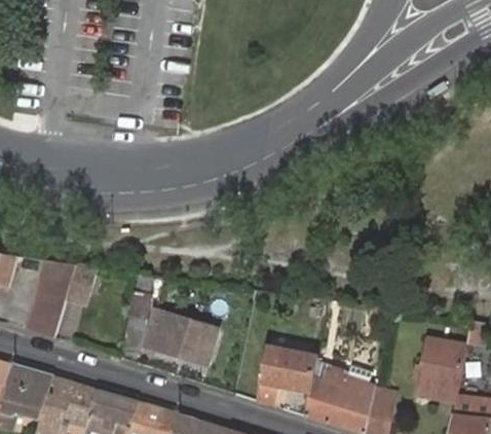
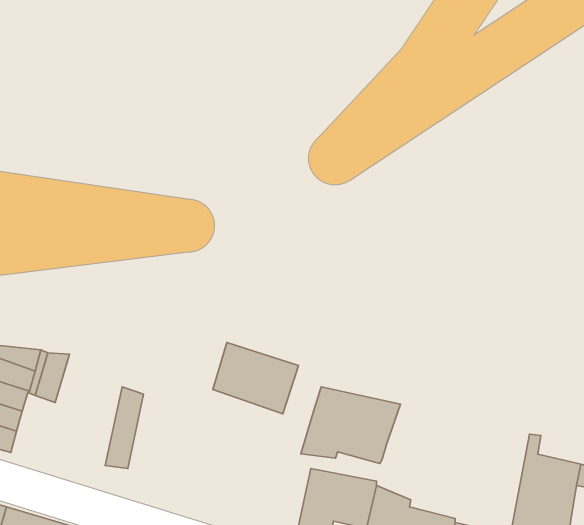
building: none -> [301,387,401,463]
building: [158,313,220,364] -> [213,342,298,414]

